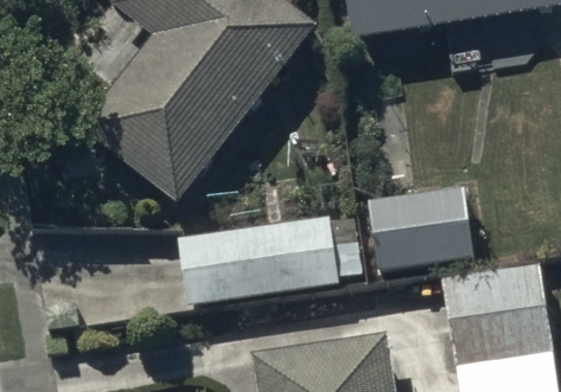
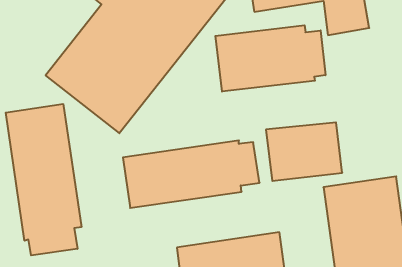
building: none -> [215,25,325,92]
building: none -> [6,104,81,255]

